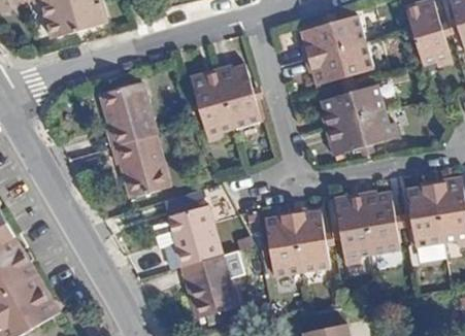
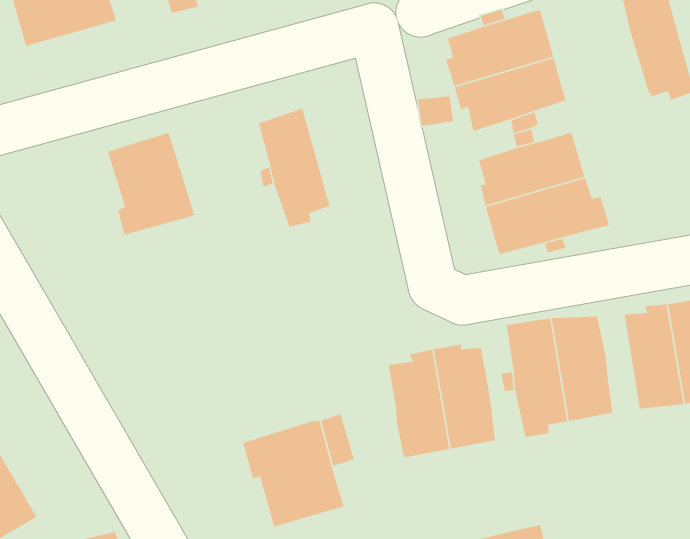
building: [215,64,260,128] -> none
building: [112,134,164,196] -> none
building: [168,206,222,268] -> none

